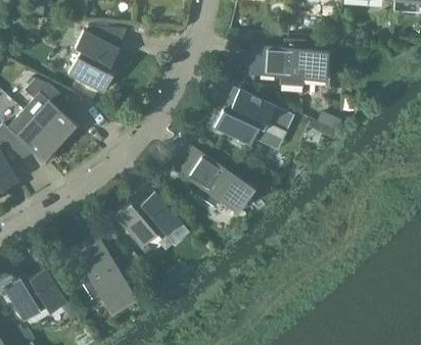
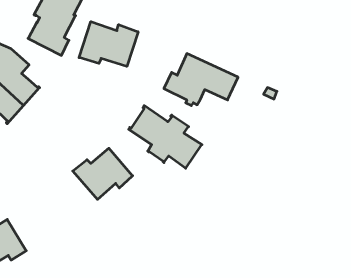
building: [250,39,327,87] -> none
building: none -> [79,22,138,66]
building: [72,235,136,314] -> none

